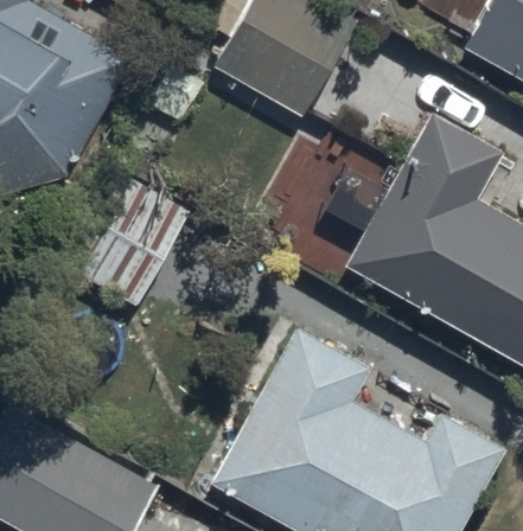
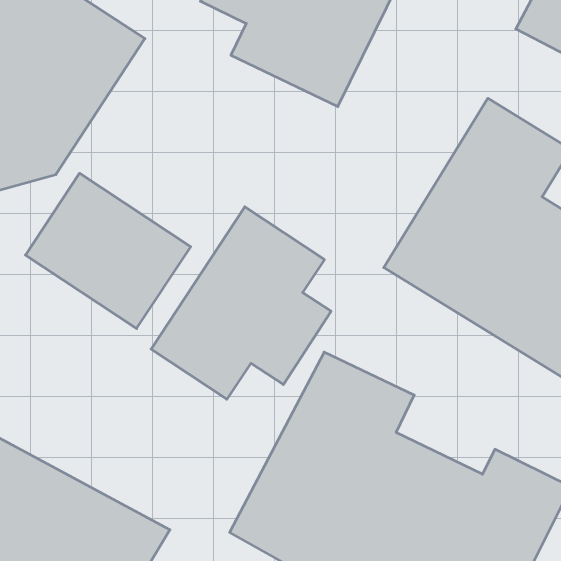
building: none -> [151,207,331,399]

